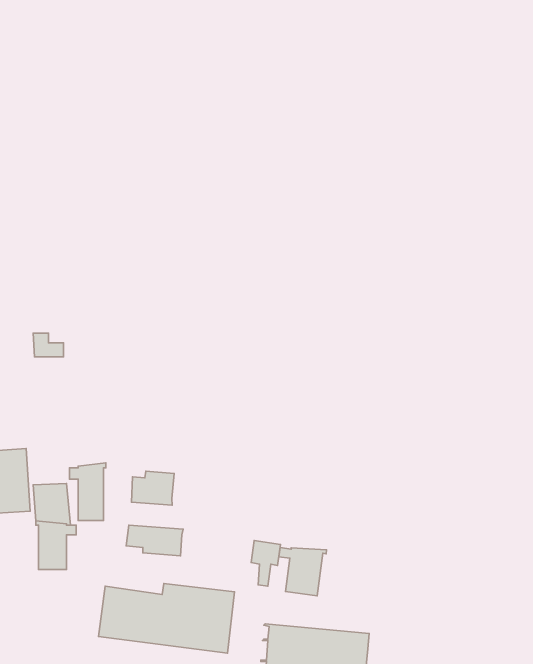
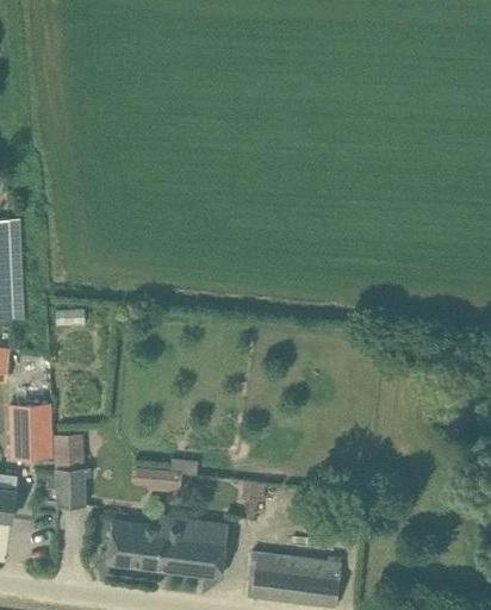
building: [69,463,106,520] -> none
building: [131,471,174,505] -> none
building: [279,548,327,596] -> none

